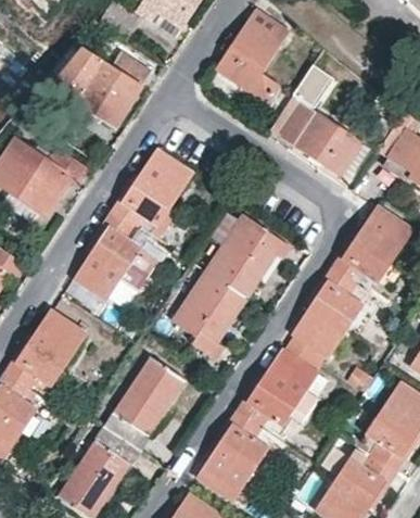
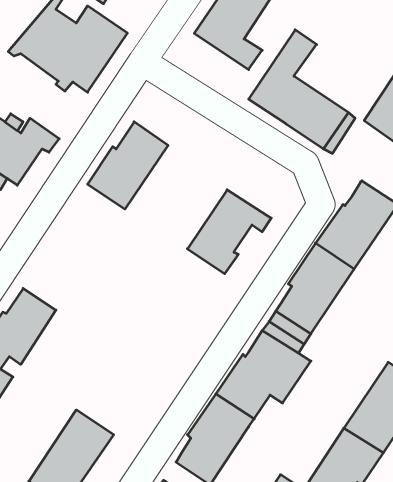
building: [75,212,155,299] -> none
building: [174,274,245,359] -> none
building: [103,359,186,452] -> none

